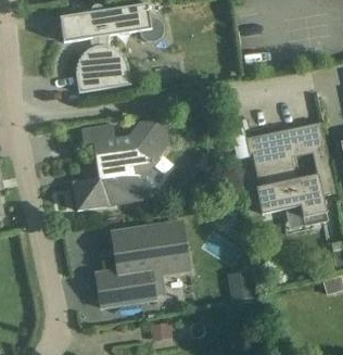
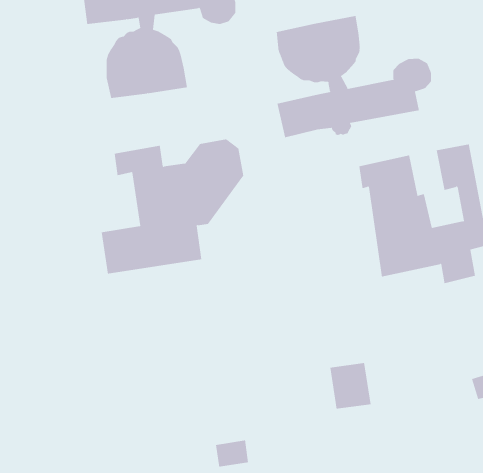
building: none -> [276,15,431,138]
building: [96,221,190,307] -> none

